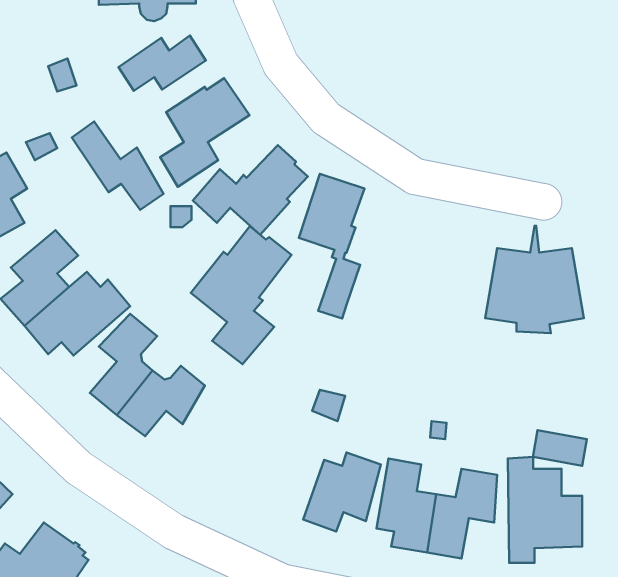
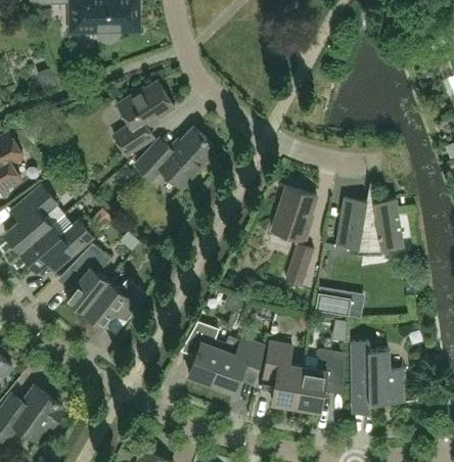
building: [119,36,206,91] -> none
building: [72,122,164,210] -> none
building: [299,174,364,318] -> [271,187,316,286]
building: [191,226,291,364] -> none
building: none -> [183,322,225,384]
building: [533,430,587,466] -> [314,292,351,317]

